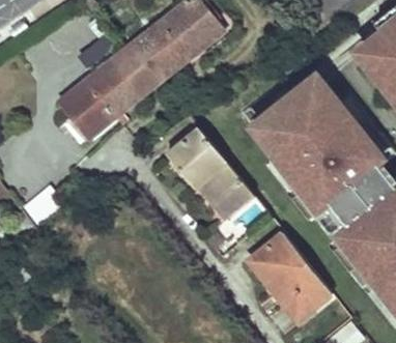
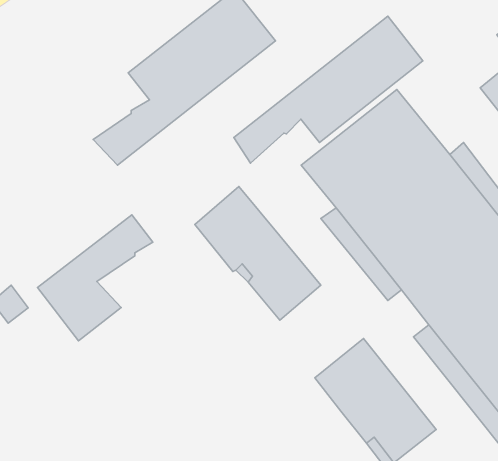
building: none -> [234,16,423,163]
building: [59,53,138,139] -> [38,215,153,341]

